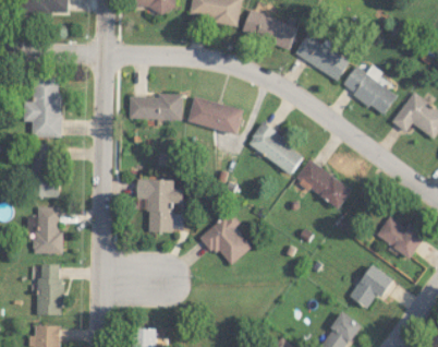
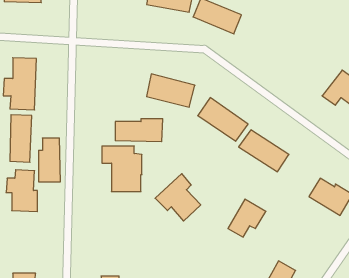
building: [294,34,350,81] -> none
building: [341,64,397,116] -> none
building: [130,94,184,120] -> [115,119,163,142]
building: [37,264,62,314] -> [39,138,60,182]
building: [350,264,393,308] -> [228,199,266,237]

